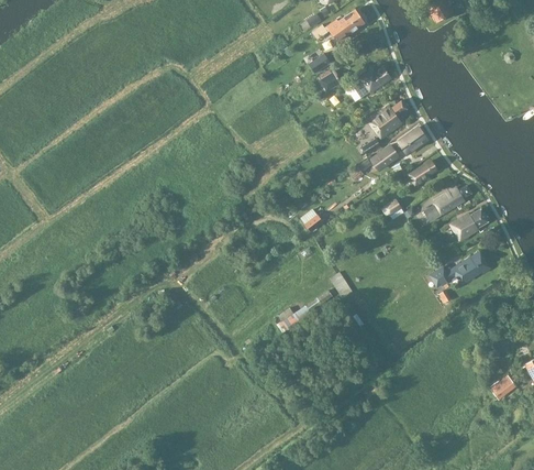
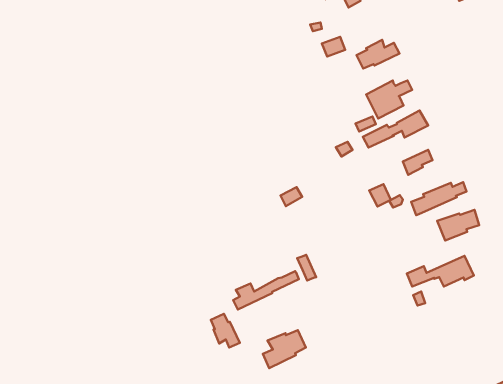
building: none -> [211,314,240,347]
building: none -> [263,330,306,368]

